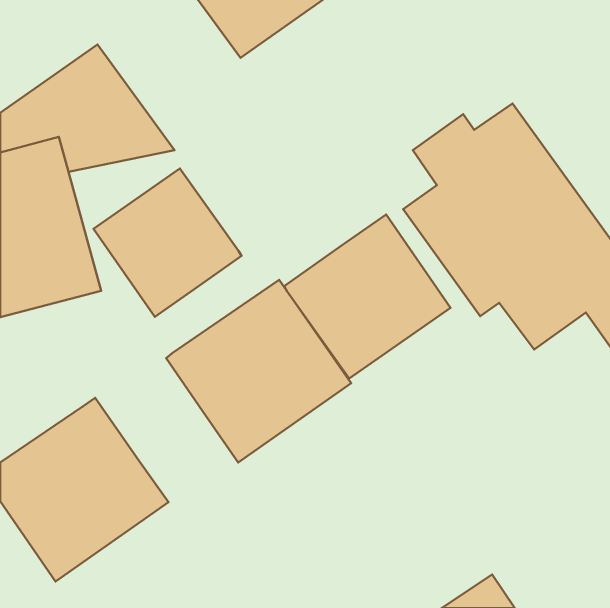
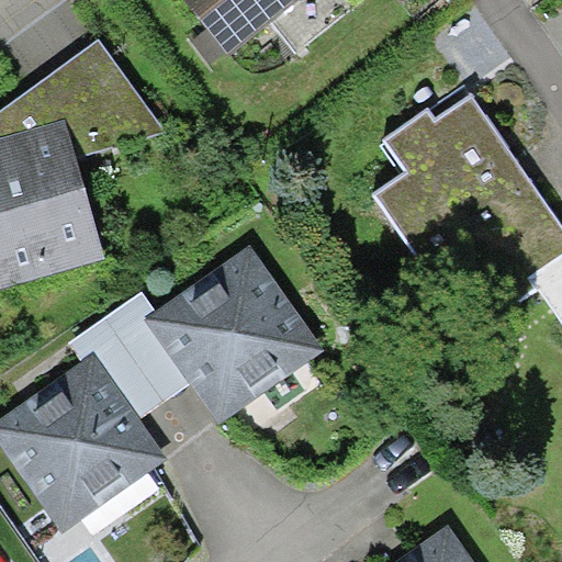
building: [94,169,242,317] -> none
building: [284,214,451,378] -> none
building: none -> [63,291,192,422]

